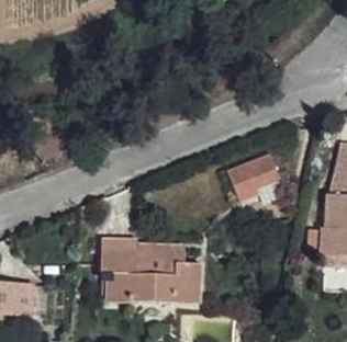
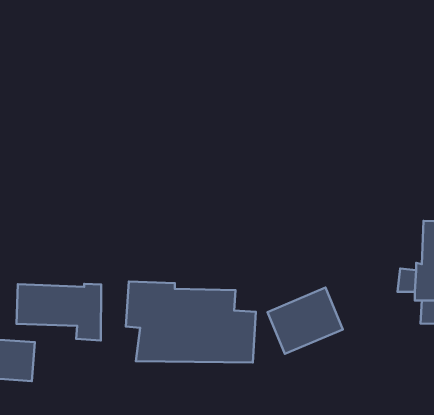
building: [224,150,281,201] -> [268,288,343,354]
building: none -> [16,284,101,341]

